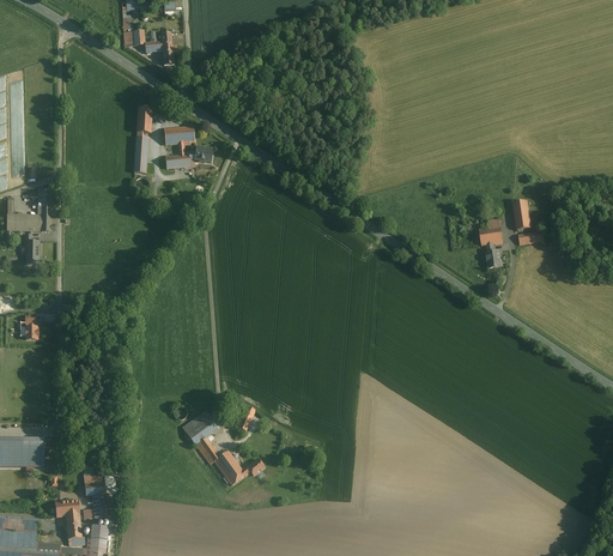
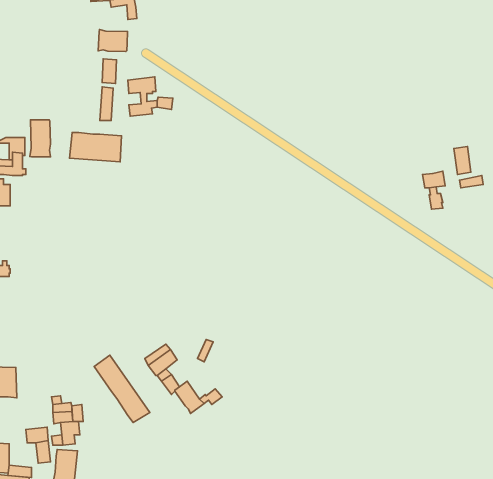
building: none -> [98,30,128,51]
building: none -> [30,120,51,157]
building: none -> [69,133,122,162]
building: none -> [94,355,150,422]

